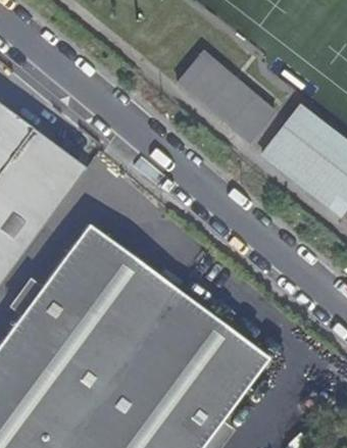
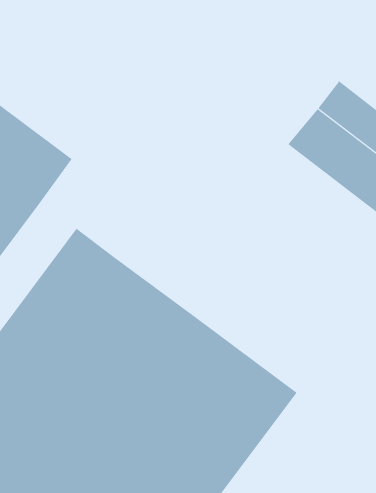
building: [179,50,277,141] -> none

